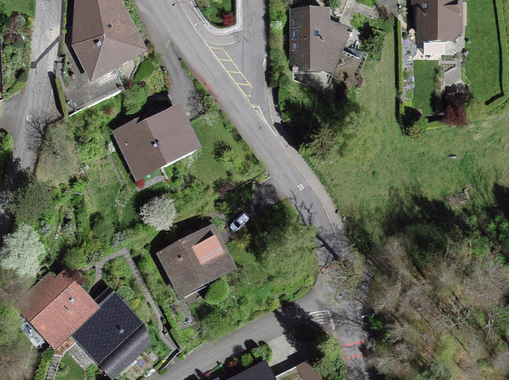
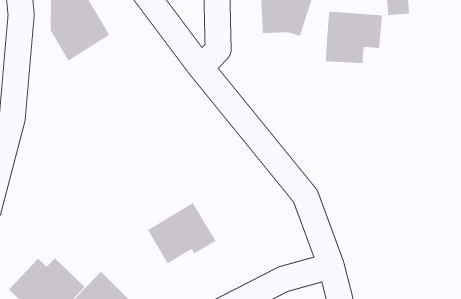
building: none -> [325,11,382,64]
building: [116,103,195,172] -> none

